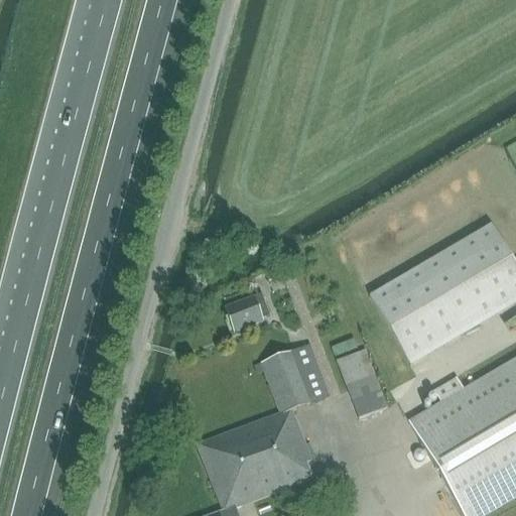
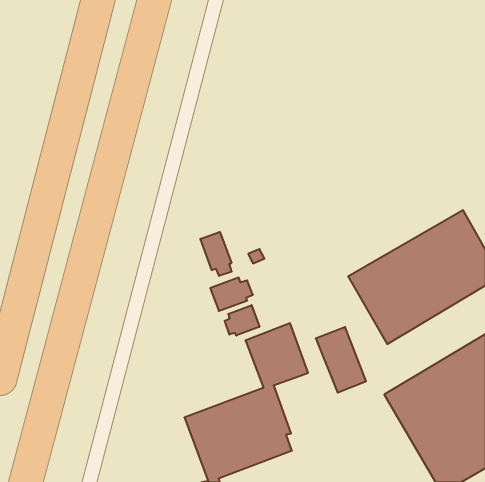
building: none -> [200,232,232,276]
building: none -> [225,305,259,336]

